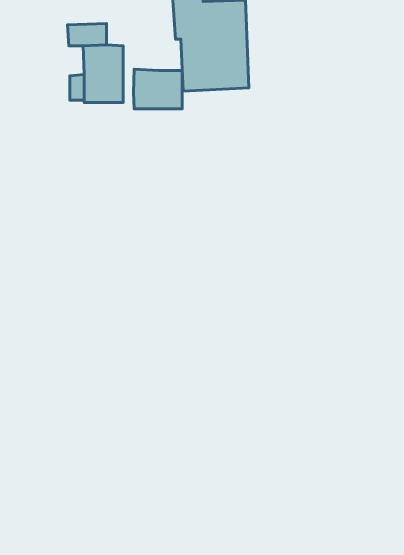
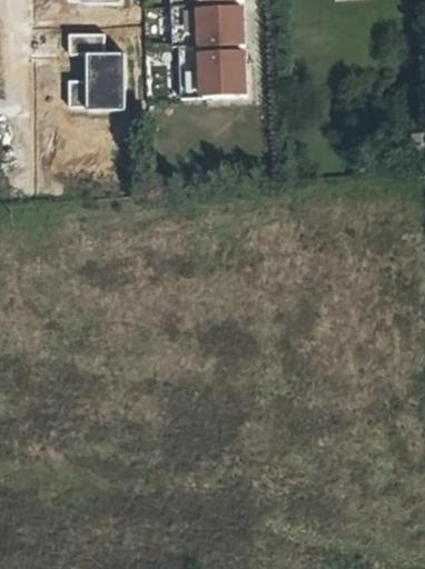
building: [133,69,182,109] -> none

